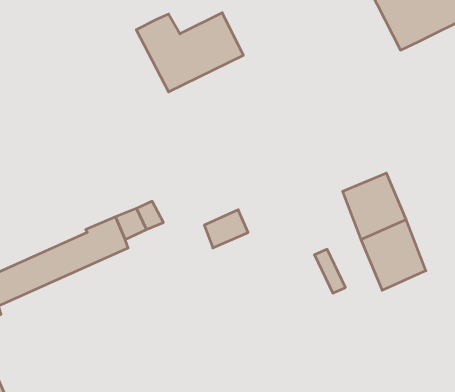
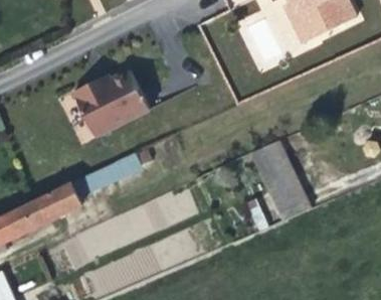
building: [136,13,243,92] -> [70,85,147,141]

